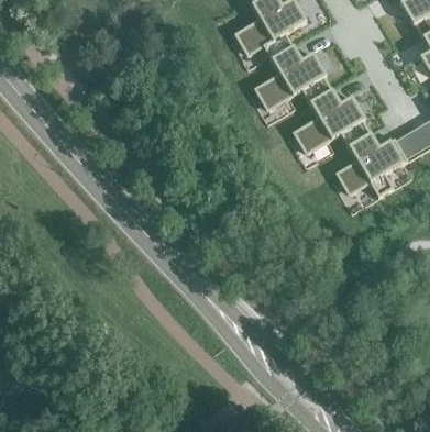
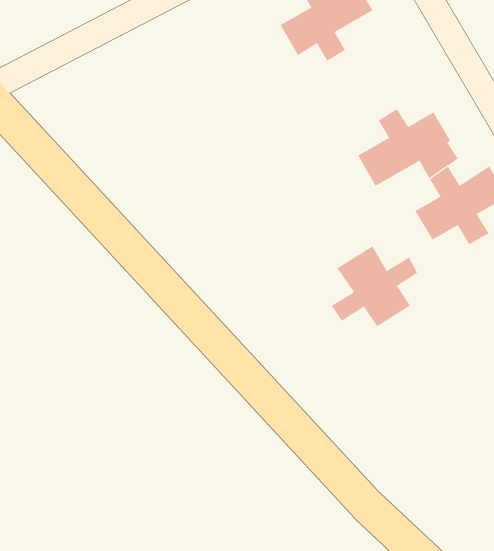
building: [256,49,332,108] -> none
building: none -> [331,246,418,327]

